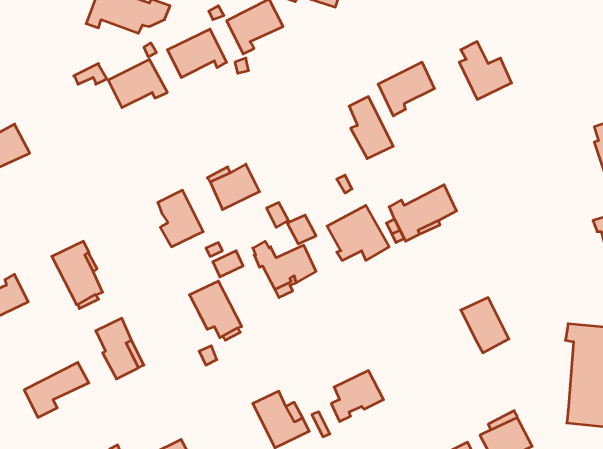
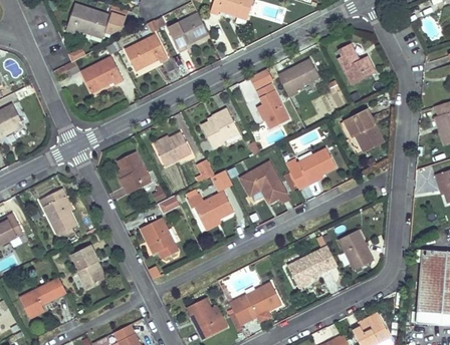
building: none -> [201,108,239,148]
building: none -> [344,109,383,150]
building: none -> [286,246,335,288]

